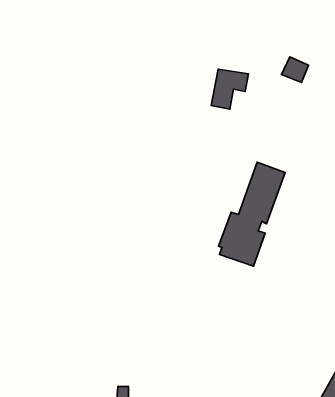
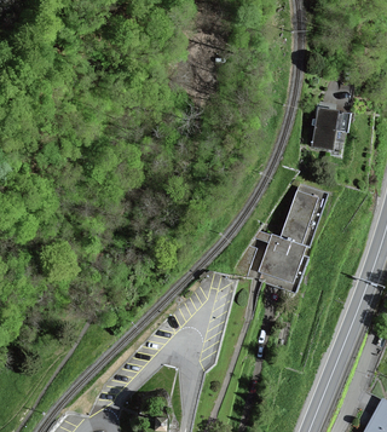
building: [211,69,249,109] -> [310,110,348,151]

